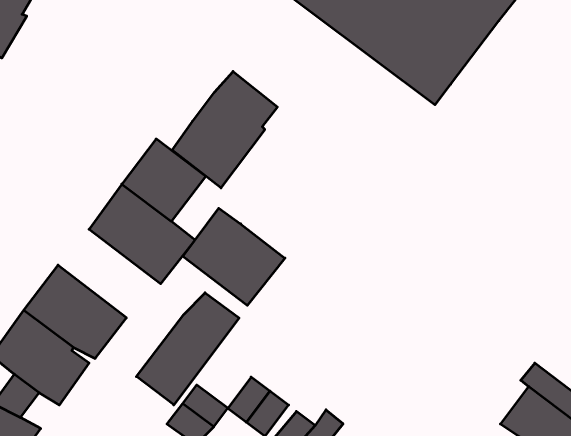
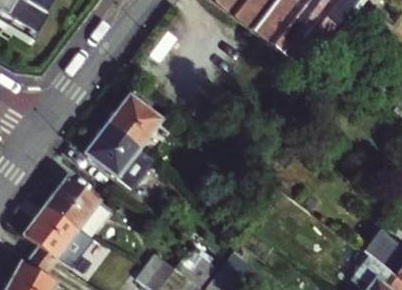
building: [172,71,277,188] -> none
building: [183,208,285,305] -> none
building: [136,293,239,405] -> none

